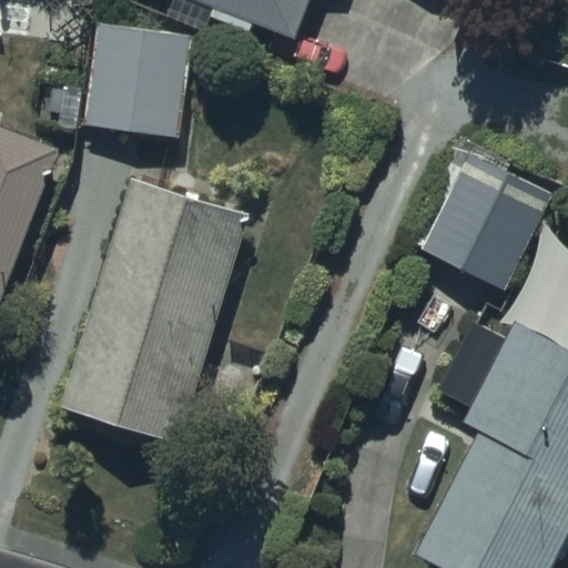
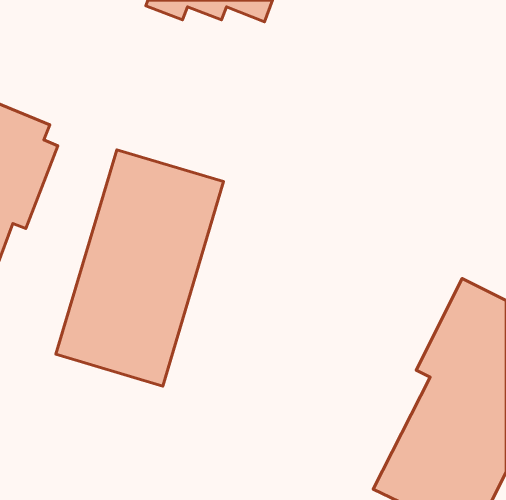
building: [85,26,194,138] -> none
building: [419,154,551,290] -> none

